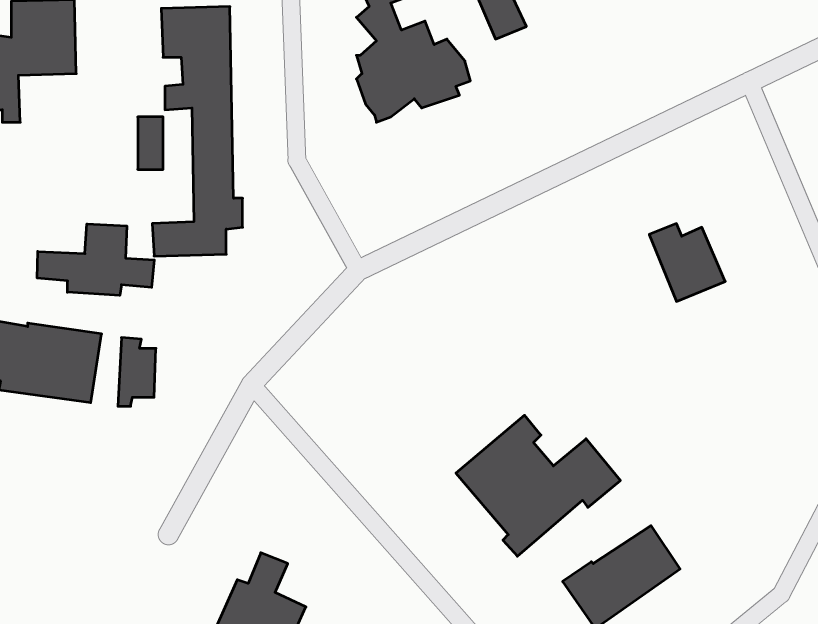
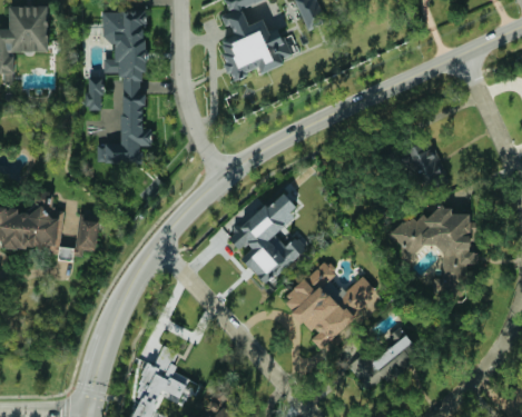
building: [37,224,154,295] -> none
building: none -> [229,190,307,286]
building: none -> [392,206,477,296]

